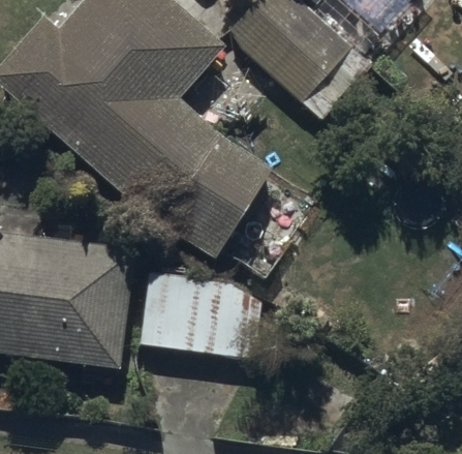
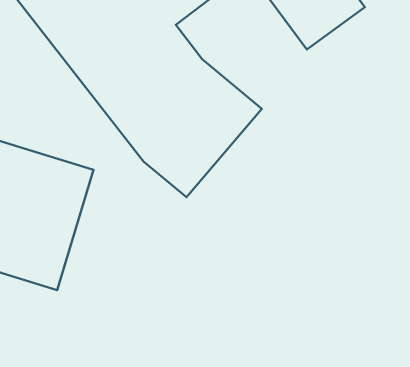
building: [138,272,268,363] -> none

